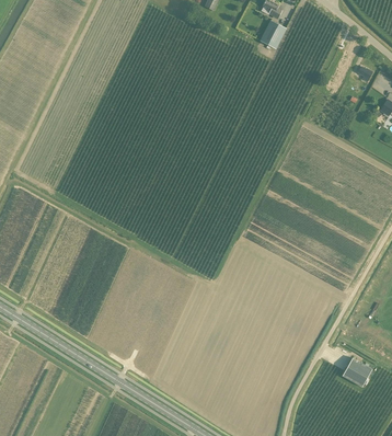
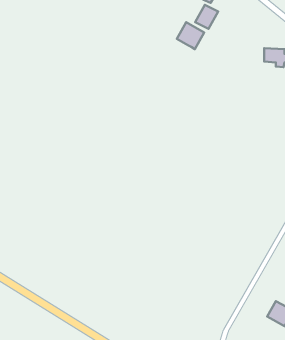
building: none -> [177,22,204,49]

